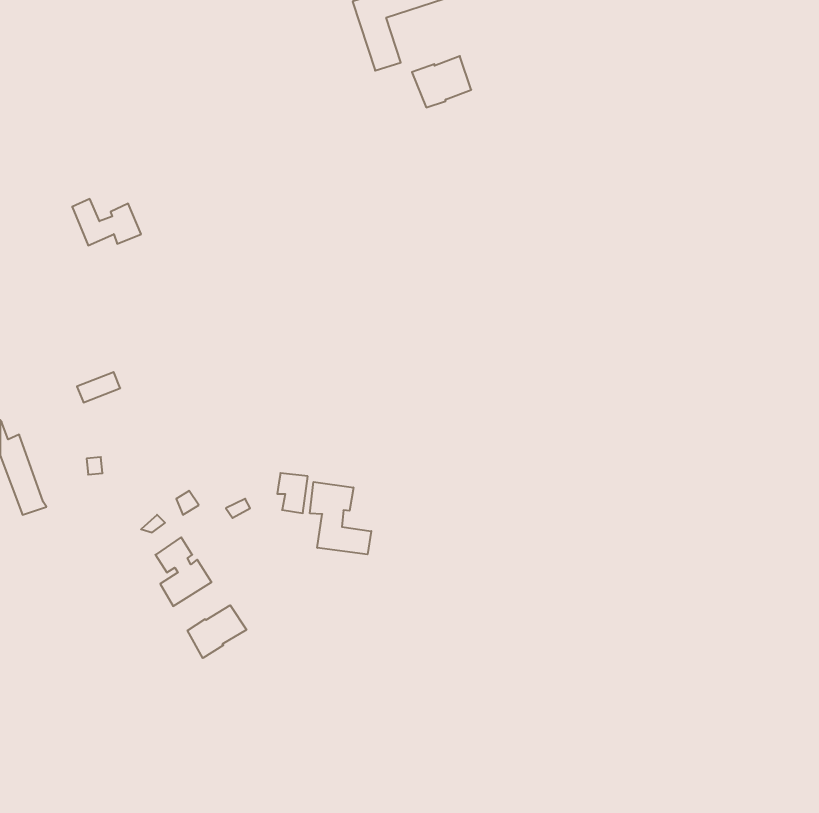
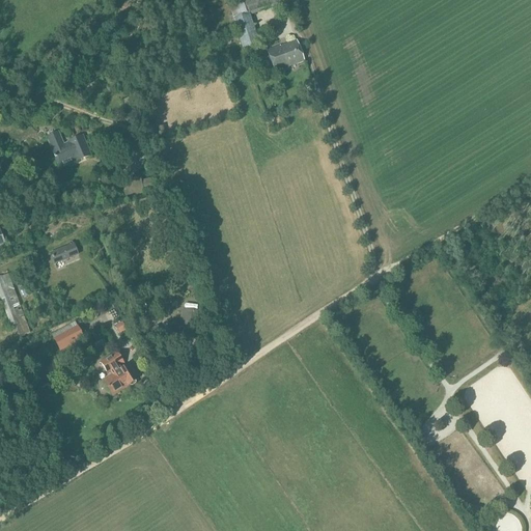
building: [310,482,371,554] -> none
building: none -> [54,322,85,347]
building: [188,605,246,658] -> none

